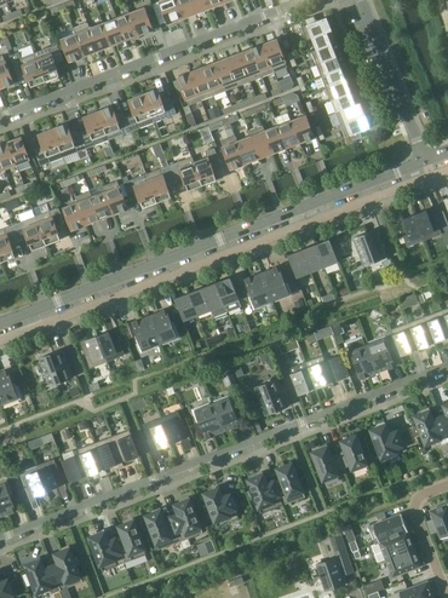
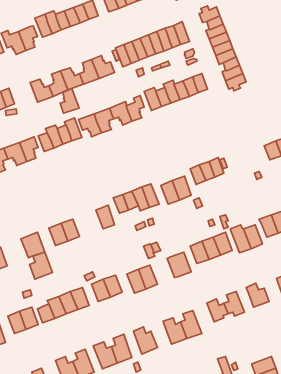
building: [35,128,63,165] -> [60,88,79,113]
building: [352,229,387,266] -> none
building: [132,316,160,351] -> none
building: none -> [30,252,53,279]
building: [368,514,408,545] -> none

